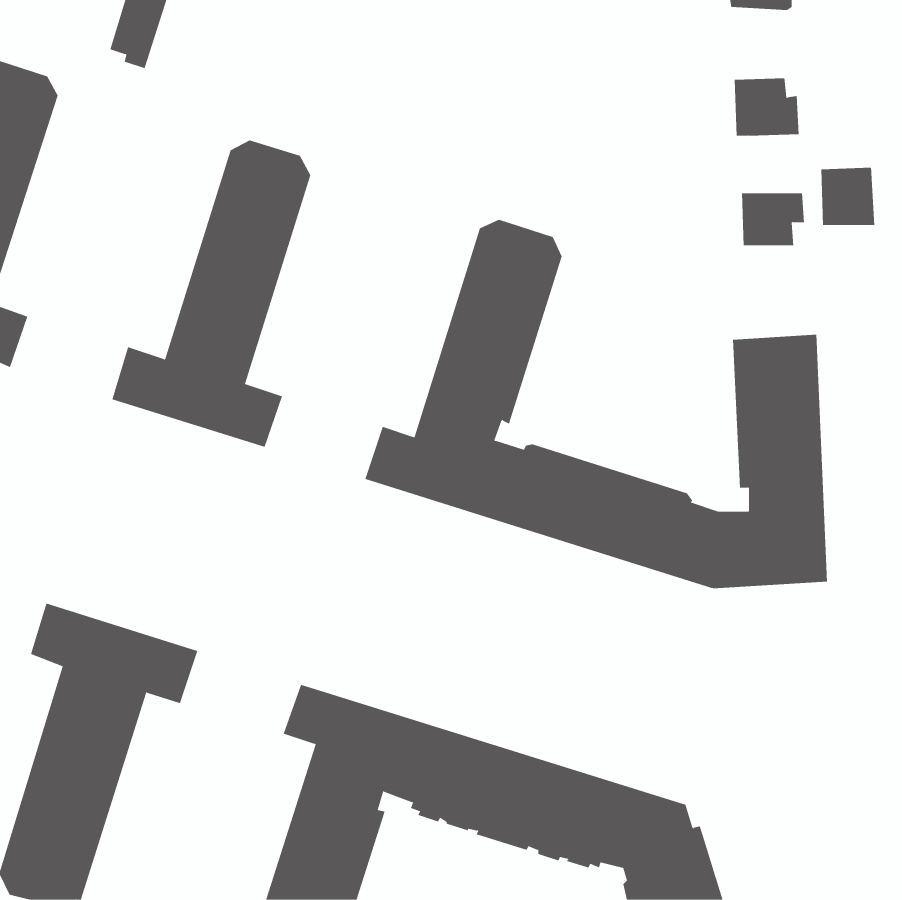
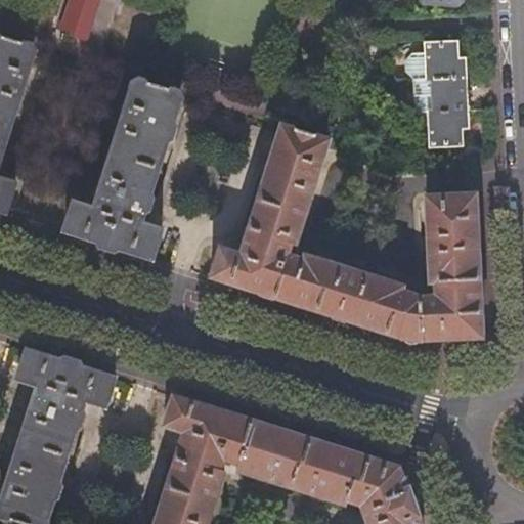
building: [820,167,875,226] -> [433,78,465,112]

